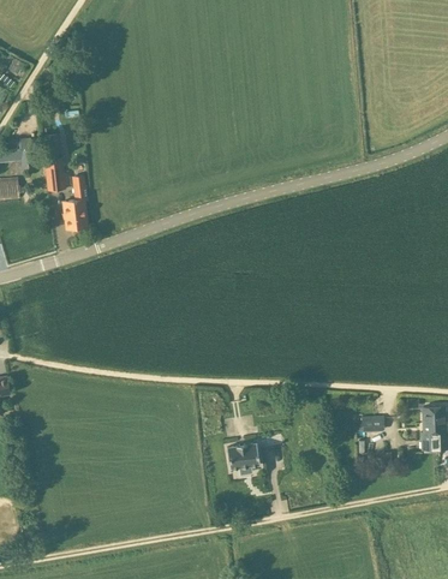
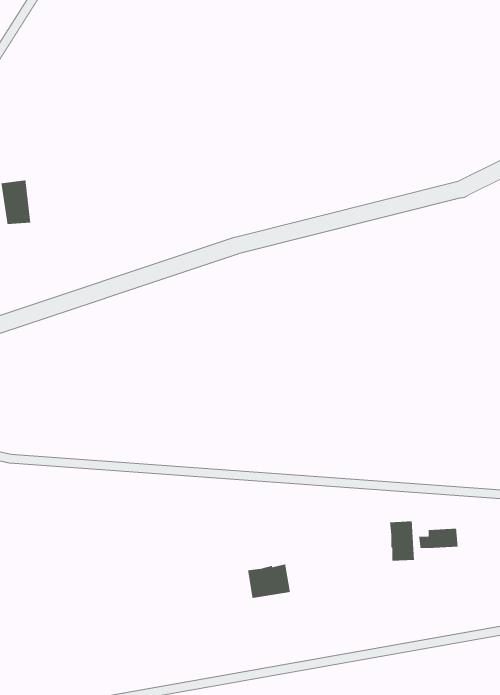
building: [64,174,89,228] -> none
building: none -> [389,520,415,562]

